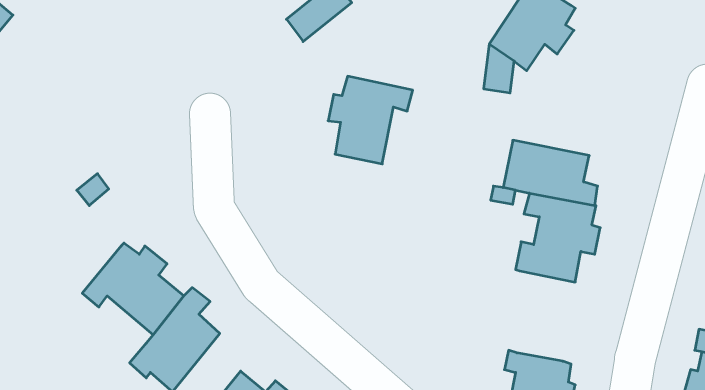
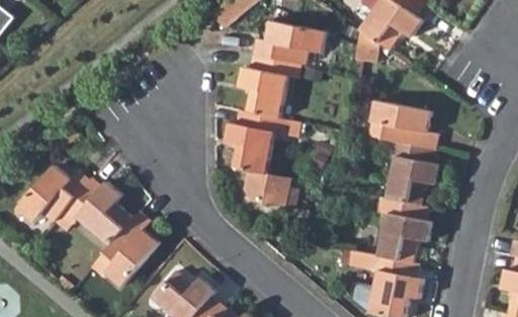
building: none -> [254,22,324,66]
building: none -> [225,111,297,211]
building: none -> [19,165,89,223]
building: none -> [375,197,429,263]

